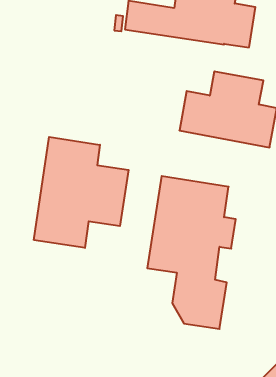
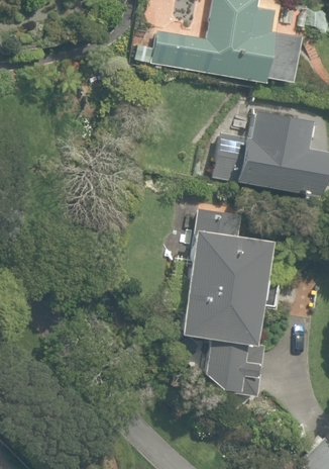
building: [34,137,129,248] -> none

